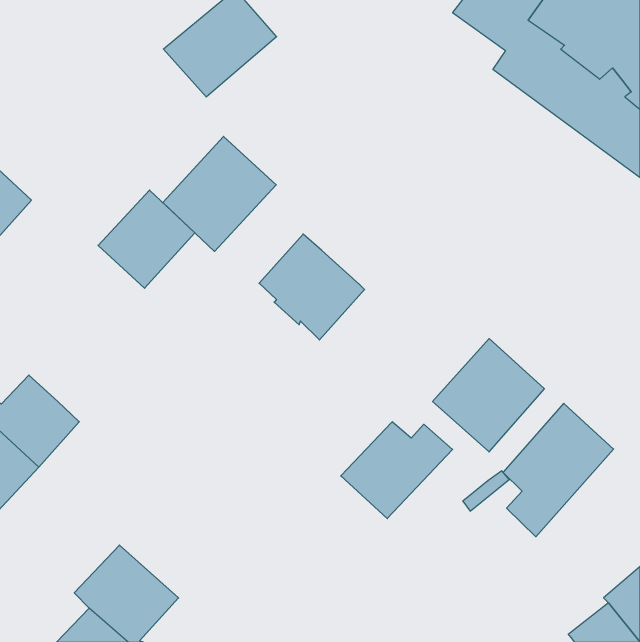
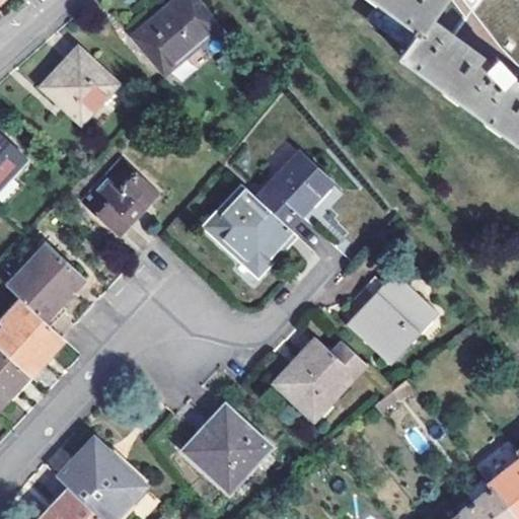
building: none -> [42,50,120,127]
building: [163,136,276,251] -> none
building: none -> [260,156,330,229]
building: none -> [9,247,84,323]
building: [503,403,614,537] -> none
building: none -> [182,403,268,489]

